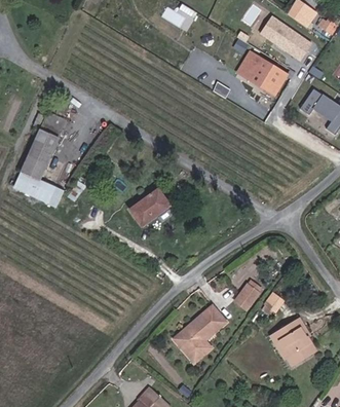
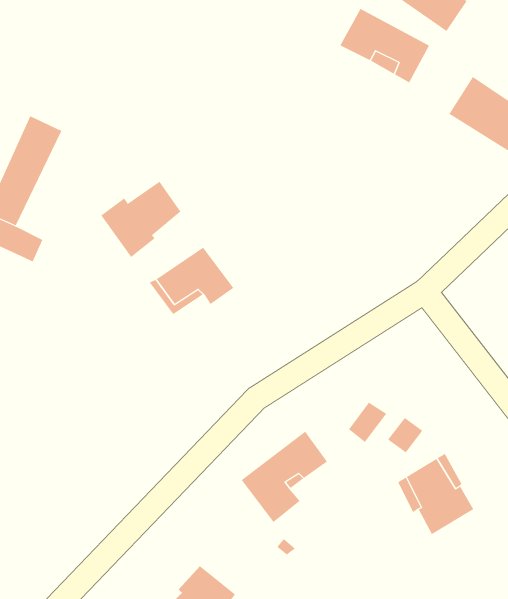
building: none -> [101,181,181,258]

